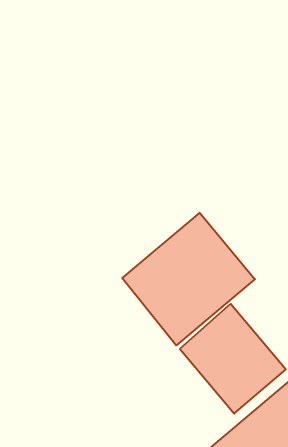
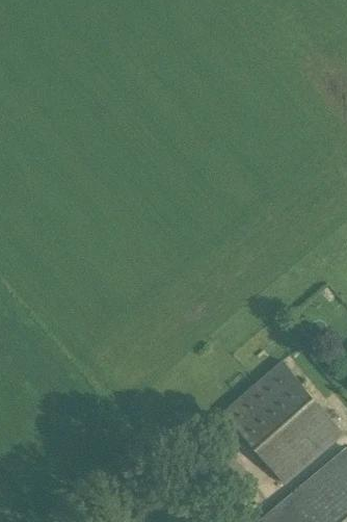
building: [122,213,255,345] -> none

